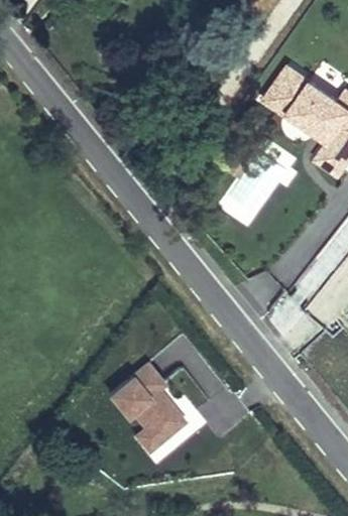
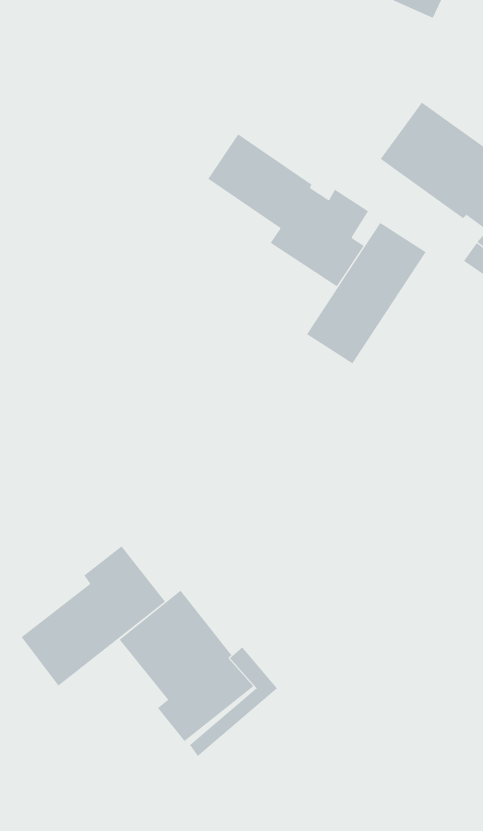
building: none -> [208,134,369,287]
building: none -> [21,546,166,687]

